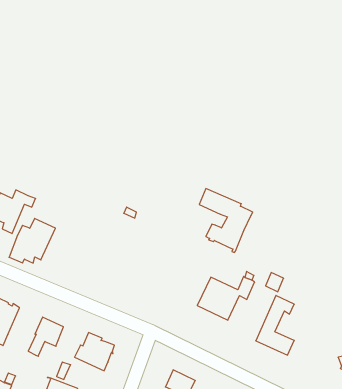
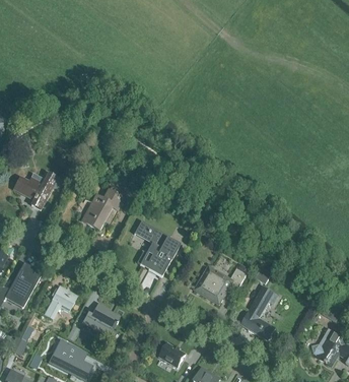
building: [199,189,253,252] -> [134,219,180,277]
building: [9,218,55,263] -> [81,189,124,228]

